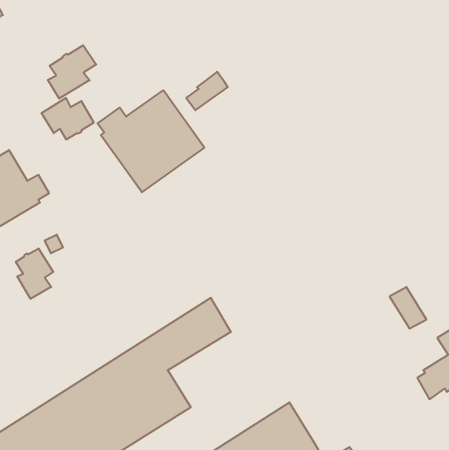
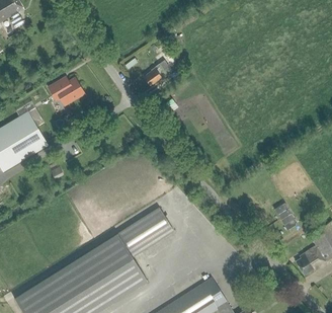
building: [48,45,96,99] -> none
building: [98,90,204,192] -> none
building: [16,248,53,299] -> none

